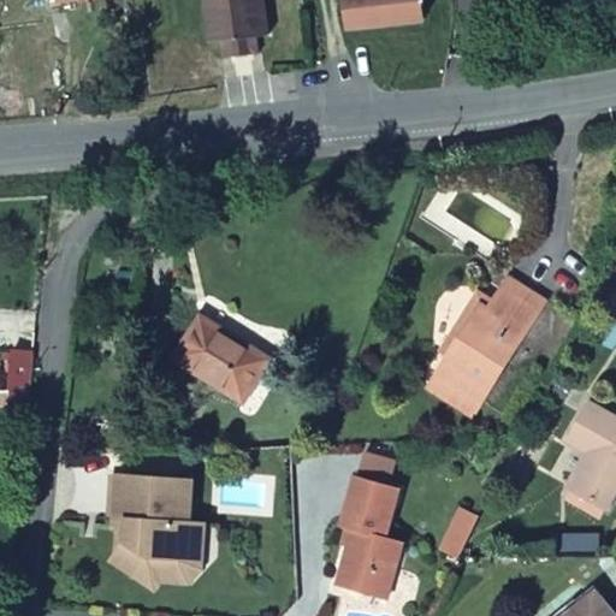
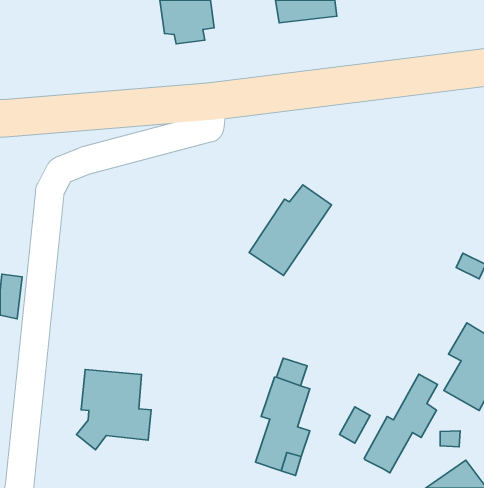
building: [439,289,543,403] -> [249,185,331,276]
building: [178,316,272,399] -> none
building: none -> [364,374,438,473]
building: [126,549,192,581] -> none

